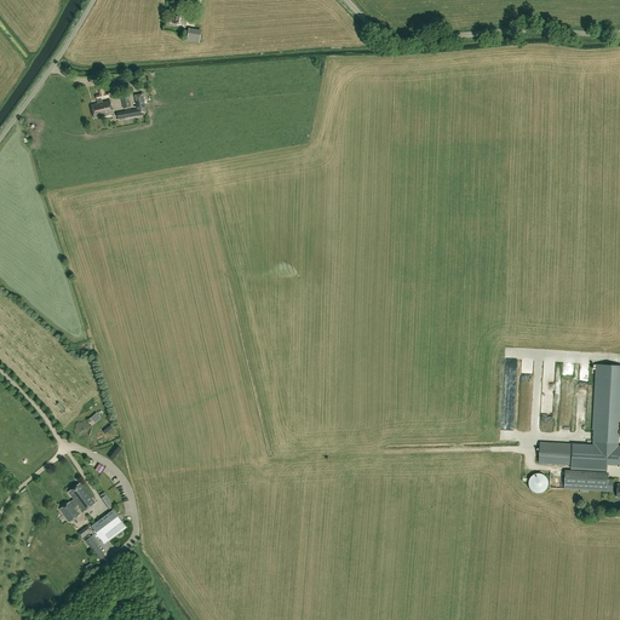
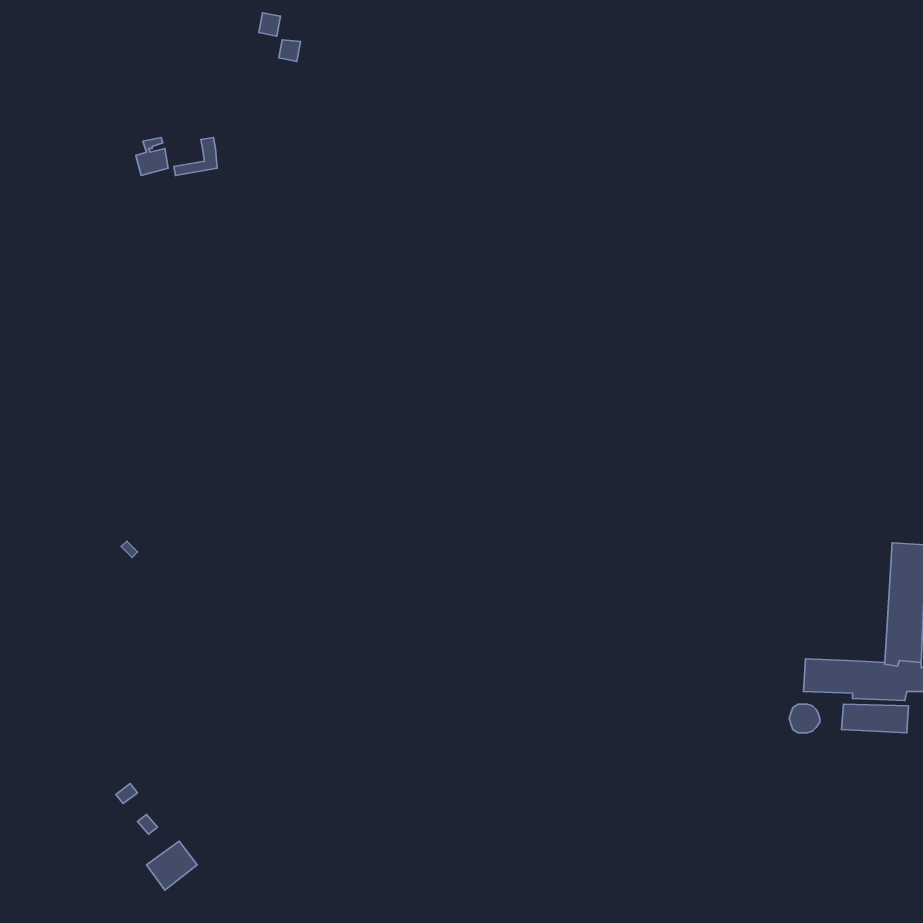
building: [62,482,97,522] -> none
building: [93,510,127,542] -> [147,841,197,890]

